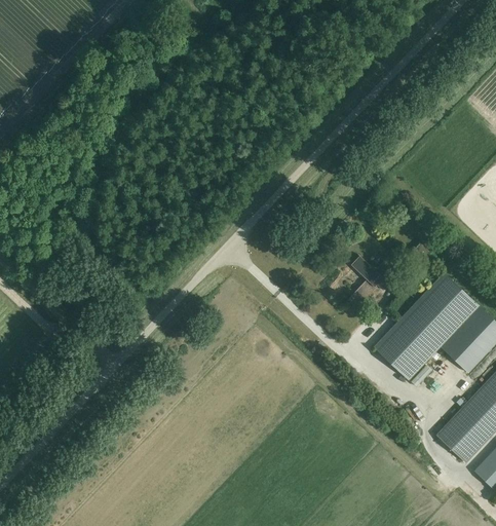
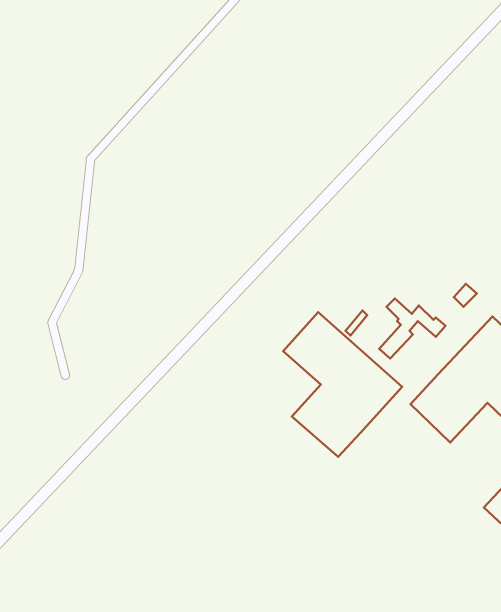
building: none -> [283,312,402,457]

